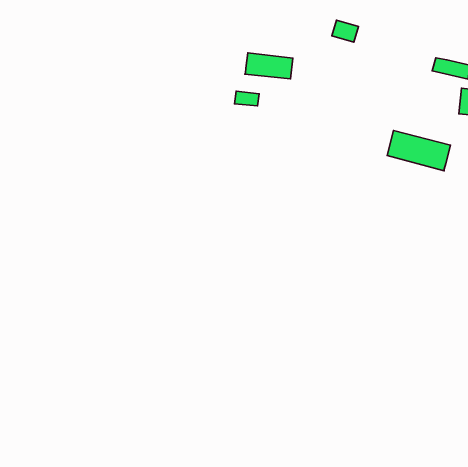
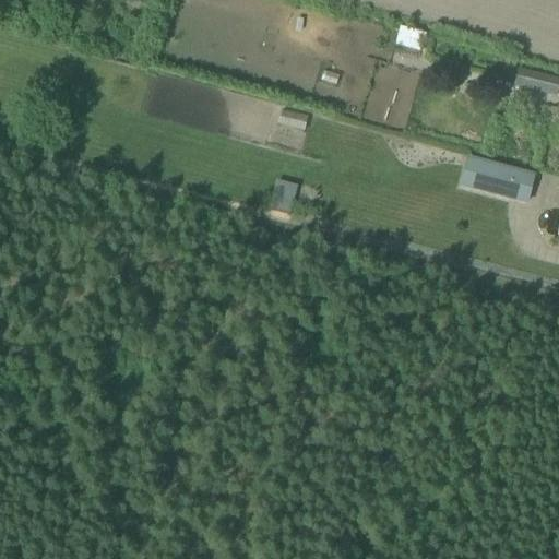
building: [245,53,293,79] -> none
building: none -> [271,180,297,213]

